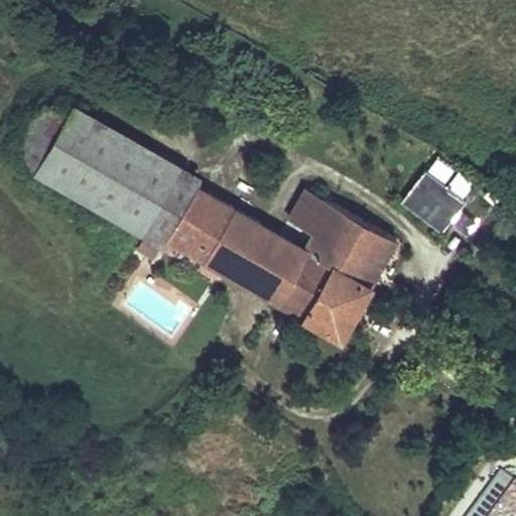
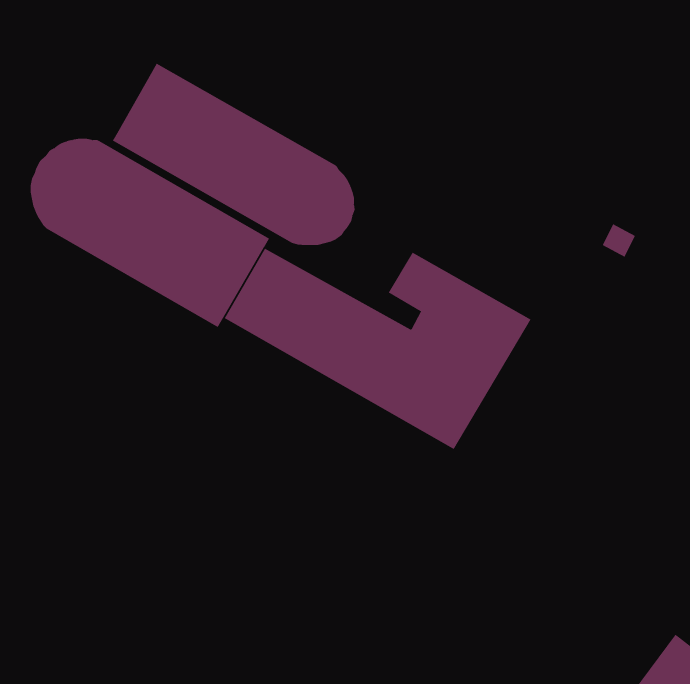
building: none -> [112,63,355,246]
building: [403,174,467,235] -> none

